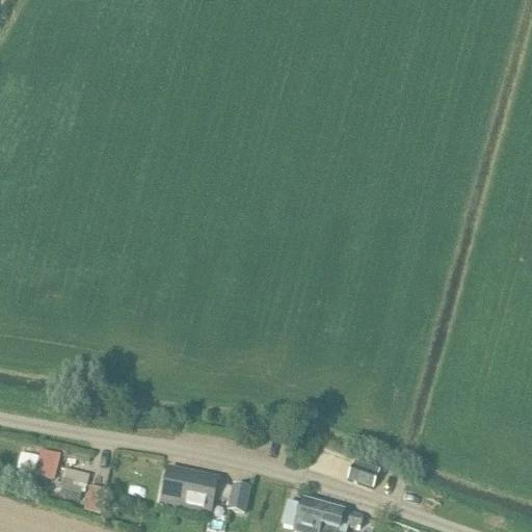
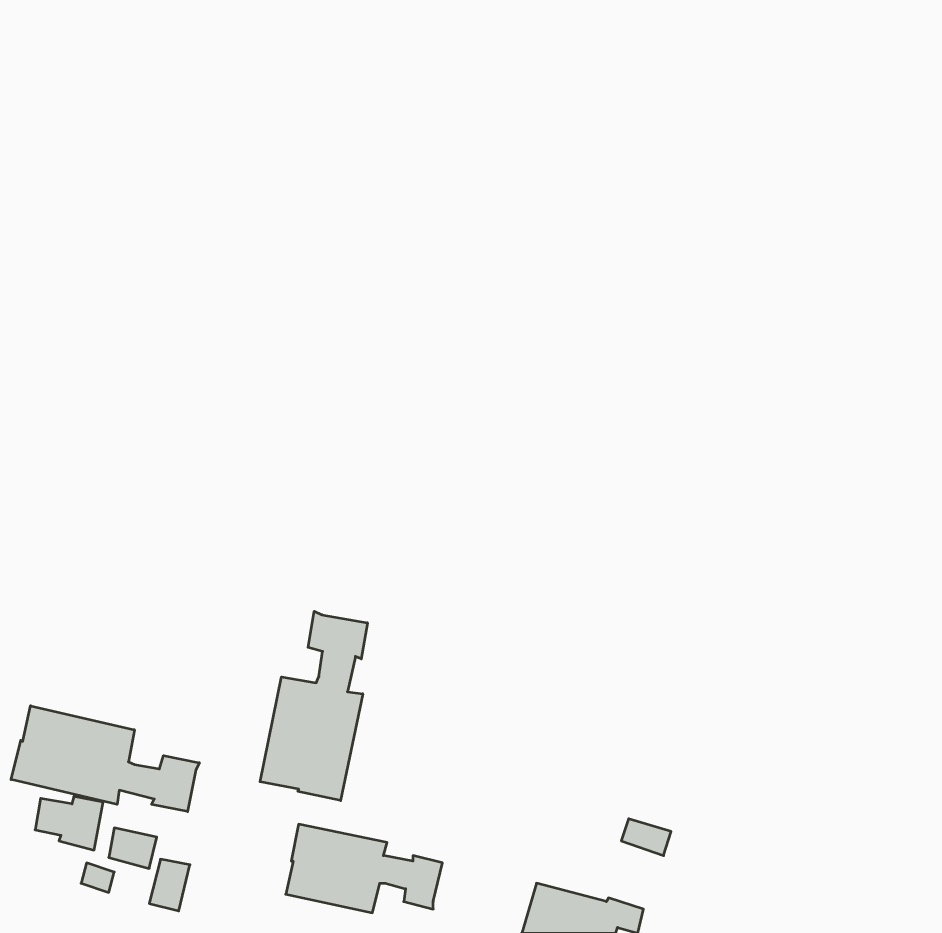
building: none -> [260,611,367,801]
building: none -> [11,706,199,812]

